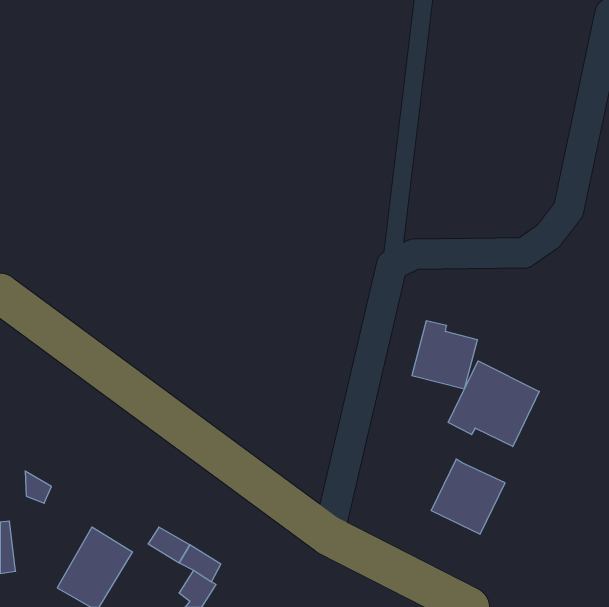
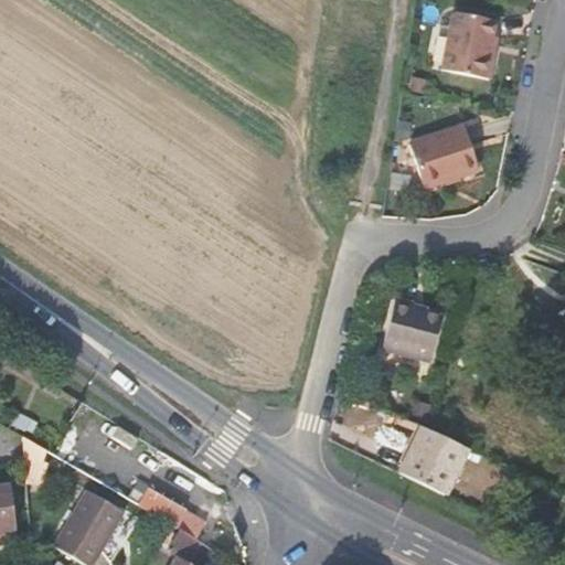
building: none -> [443,10,497,78]
building: none -> [409,125,479,186]
building: [448,361,539,447] -> none

